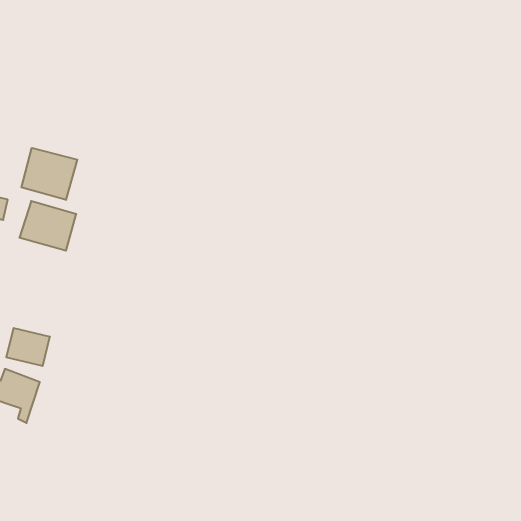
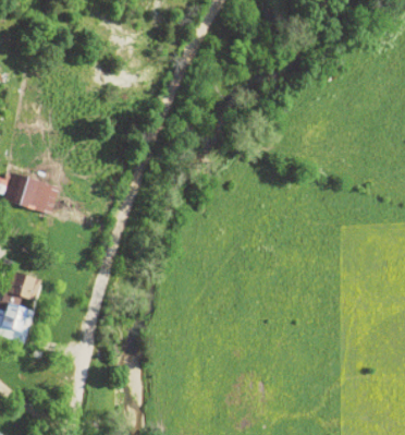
building: [21,148,77,200] -> none

